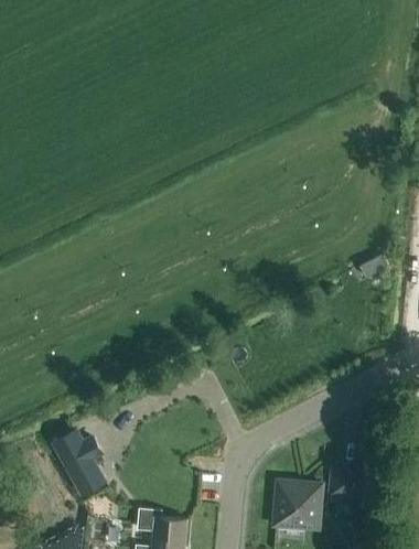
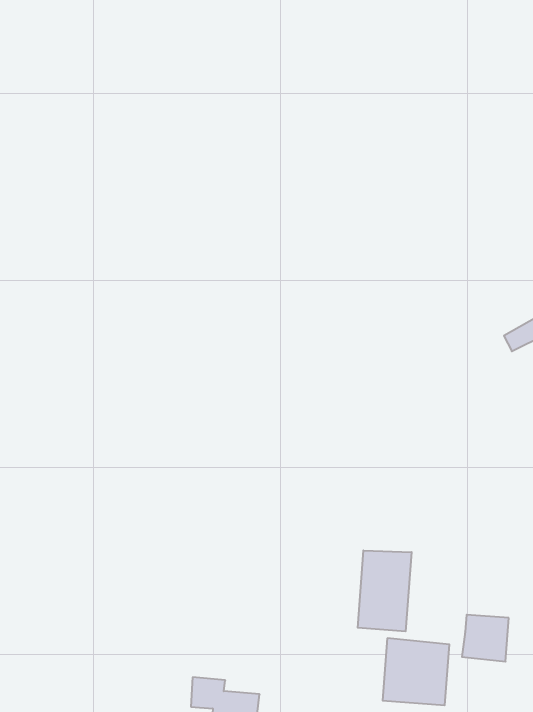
building: none -> [358,550,412,631]
building: [52,428,109,497] -> none

